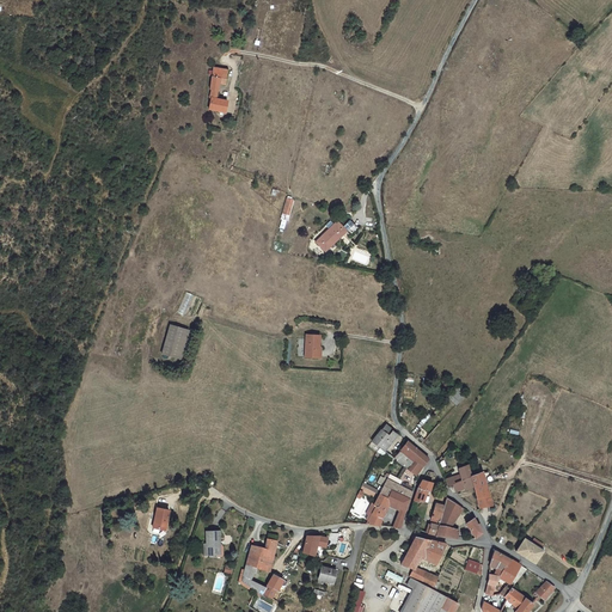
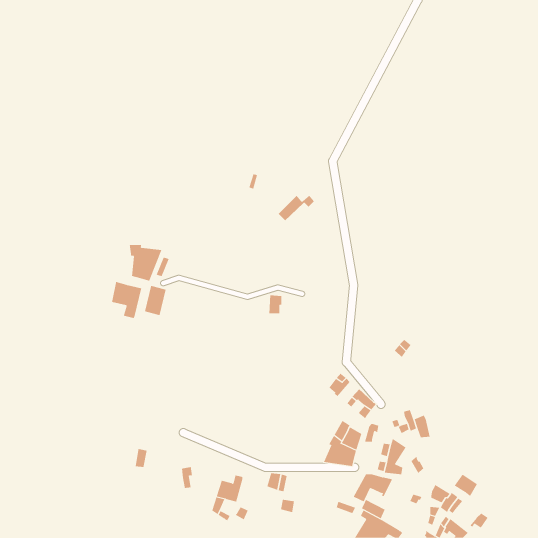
building: [209,67,227,111] -> none
building: none -> [129,244,162,281]
building: none -> [112,281,142,319]

